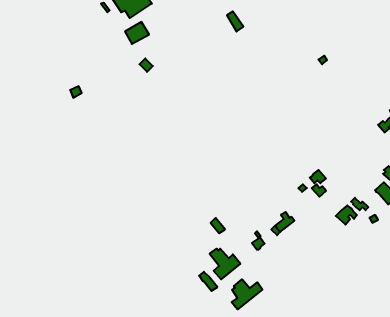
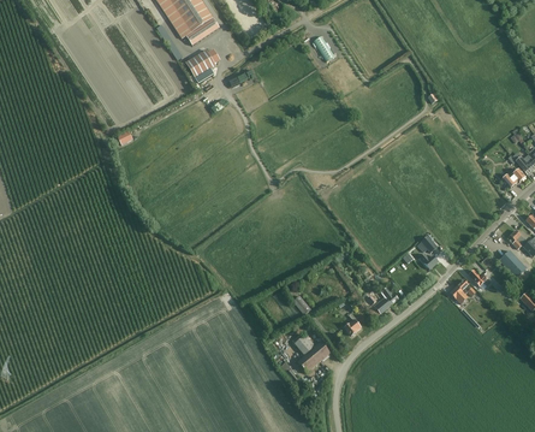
building: [232,279,262,309] -> none

